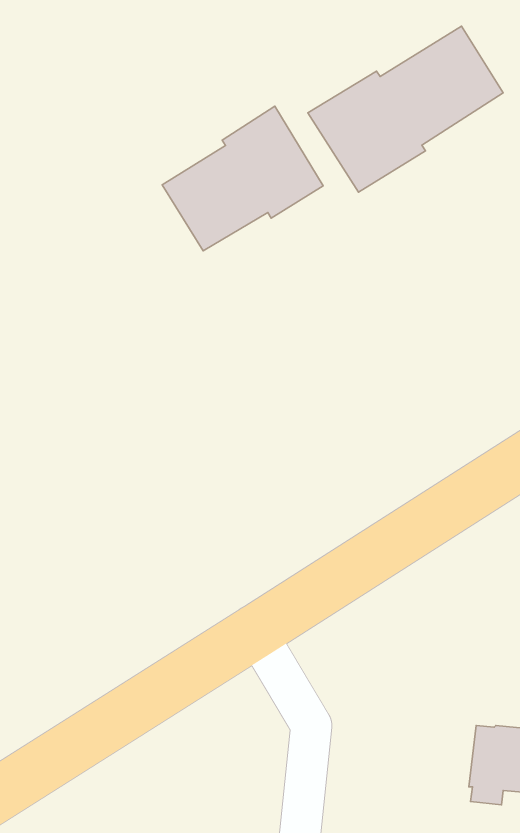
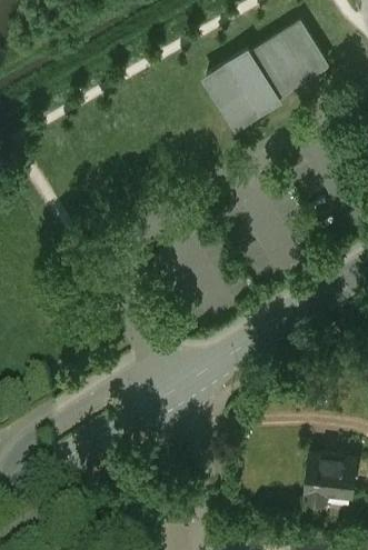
building: [162,106,323,251] -> none

